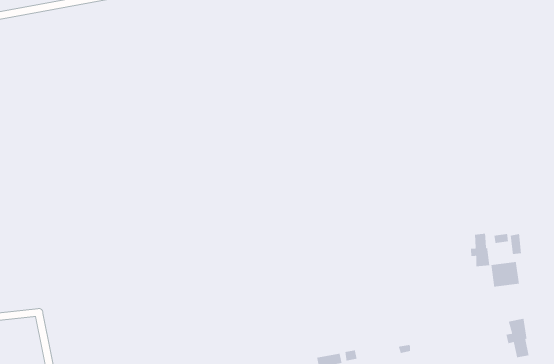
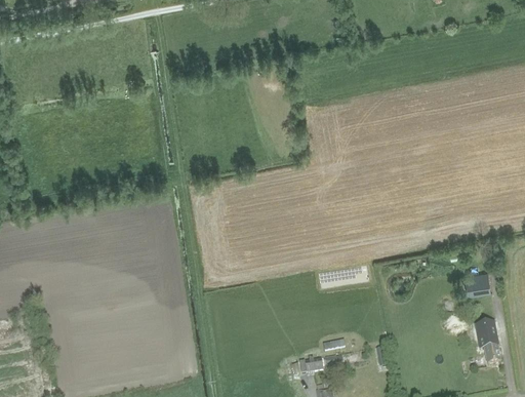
building: [470,233,490,267] -> none

